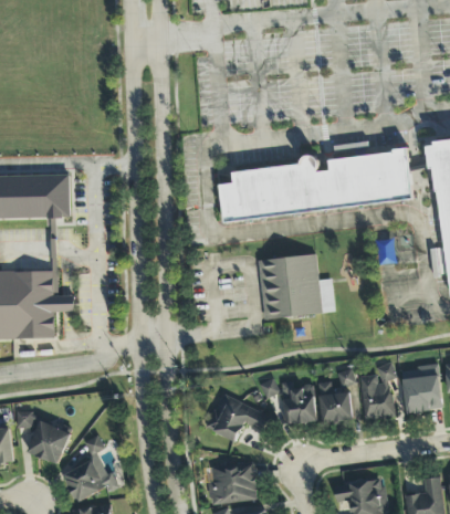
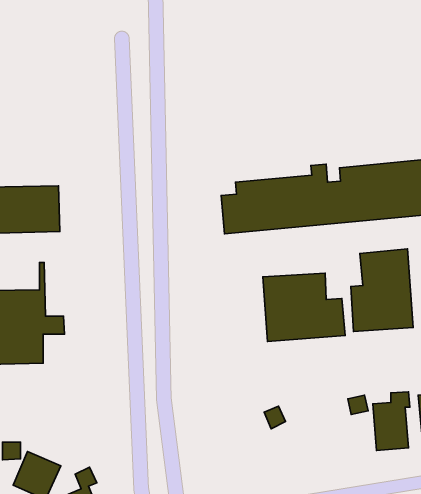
building: none -> [351,249,413,332]
building: [282,381,315,423] -> none
building: [318,381,352,423] -> none
building: [205,394,270,441] -> none

